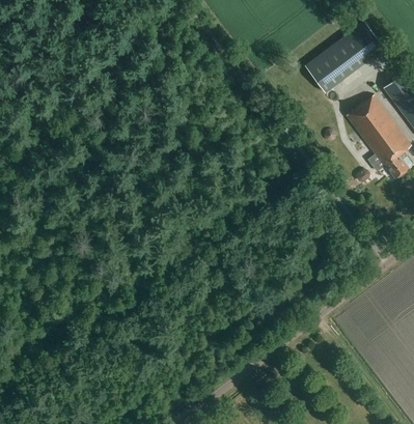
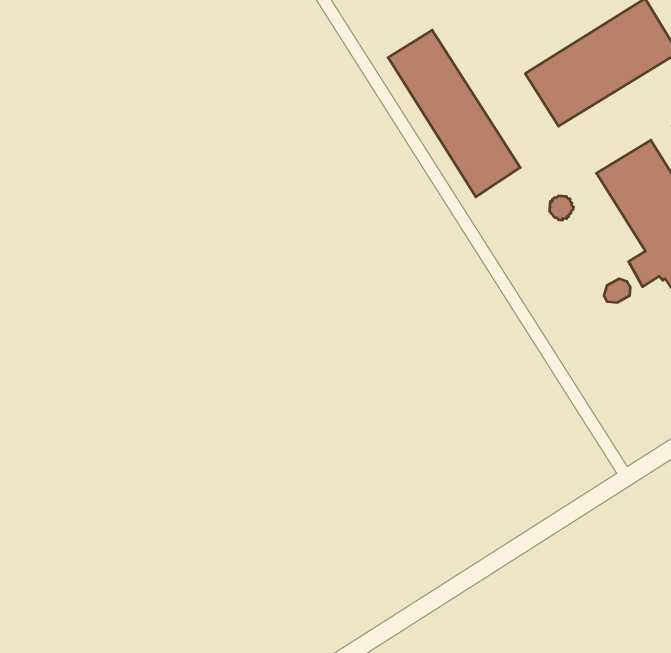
building: none -> [388,30,520,197]

